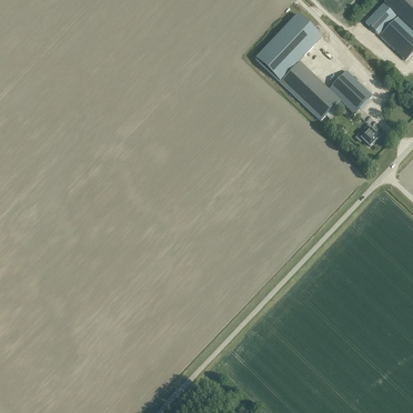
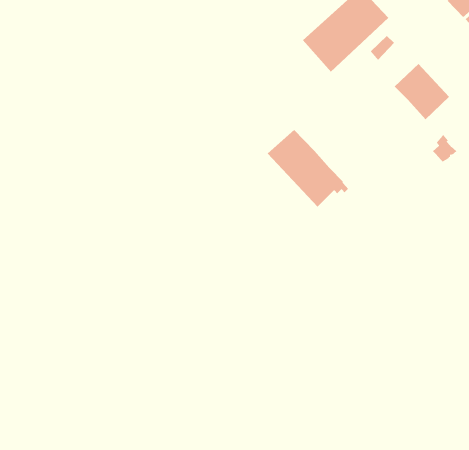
building: [280,60,344,119] -> [267,129,349,207]

